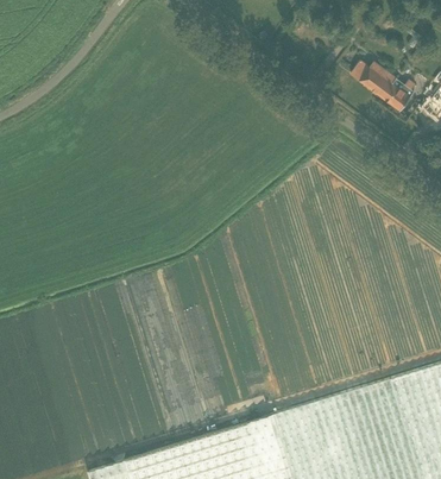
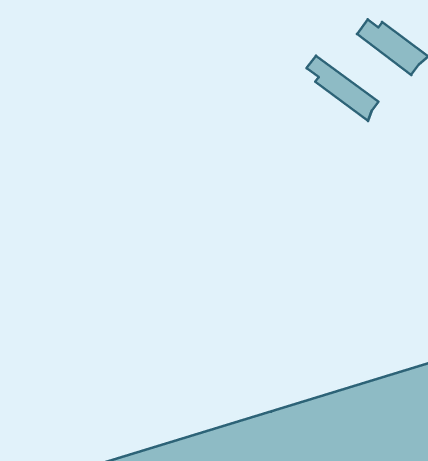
building: none -> [307,56,378,121]

